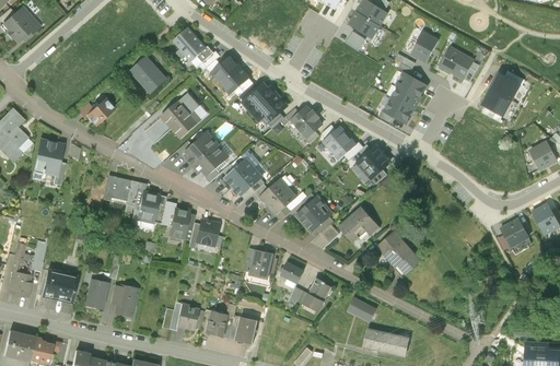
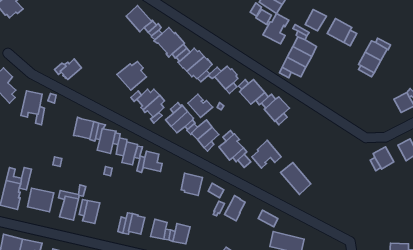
building: none -> [263,14,289,44]
building: [131,57,167,92] -> none
building: none -> [188,94,213,118]

